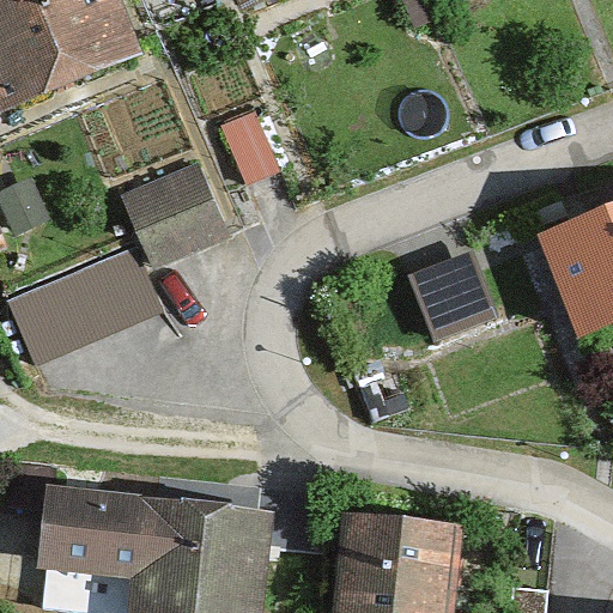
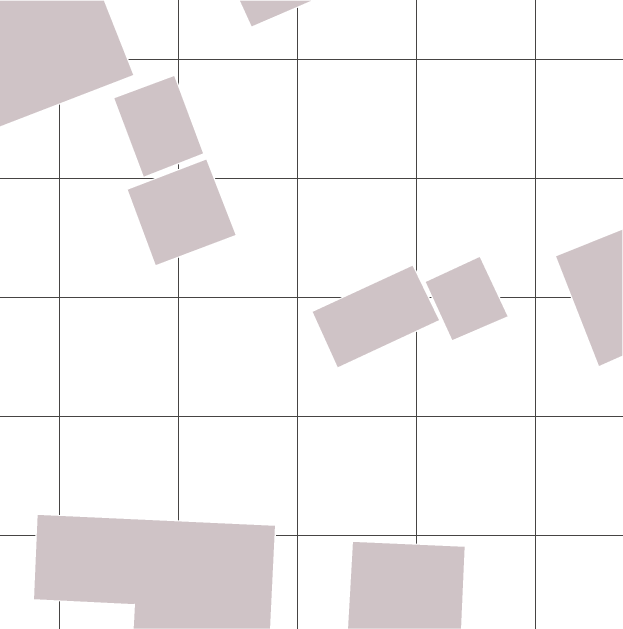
building: none -> [113,75,204,177]
building: [10,241,162,352] -> none
building: none -> [312,265,440,368]

